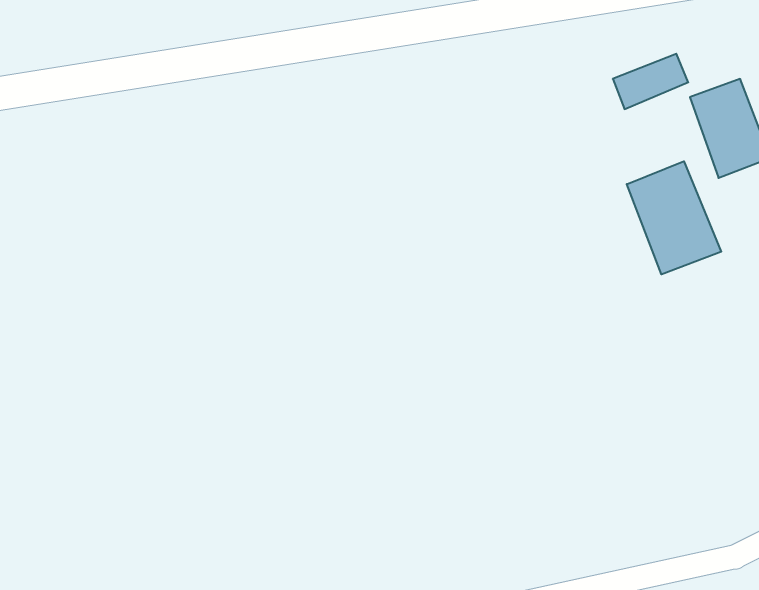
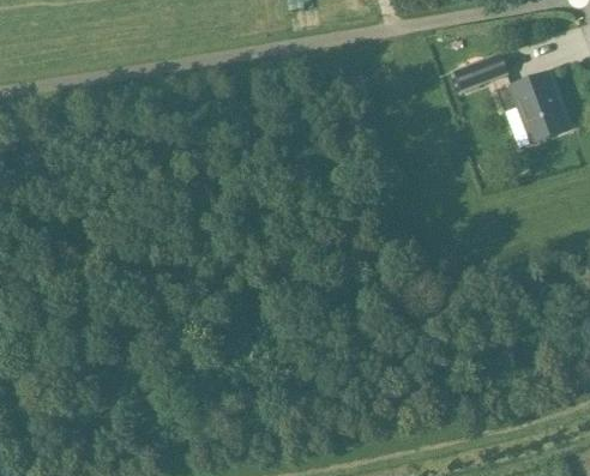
building: [627,161,721,274] -> none

